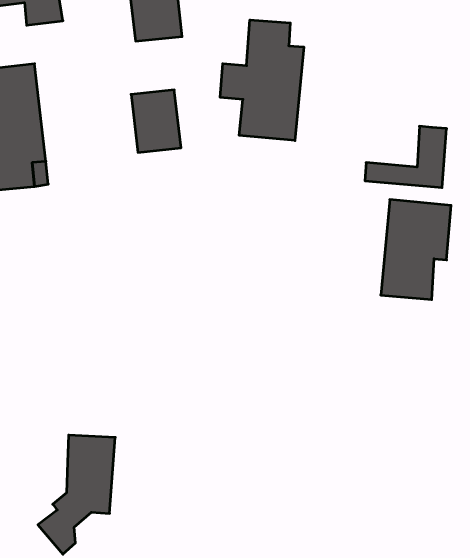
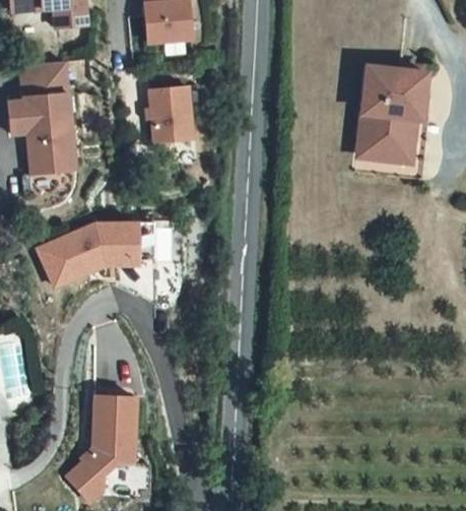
building: [220,20,304,141] -> none
building: [381,200,451,300] -> [358,65,421,154]
building: none -> [36,222,130,286]

